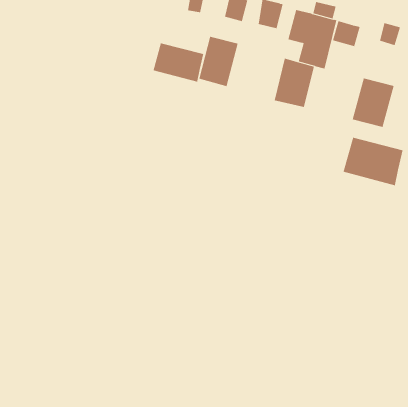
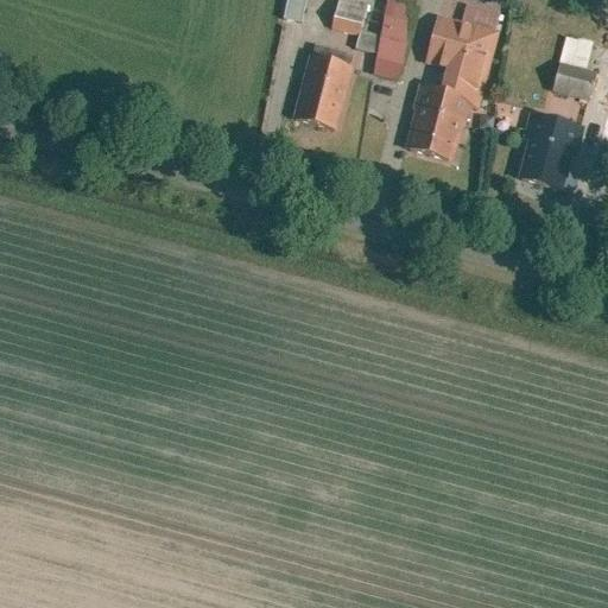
building: [332,20,360,47] -> [552,61,594,100]
building: none -> [374,36,410,77]
building: [153,43,204,83] -> none
building: [343,137,403,186] -> none

